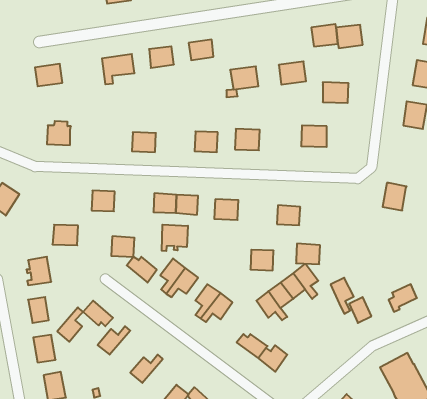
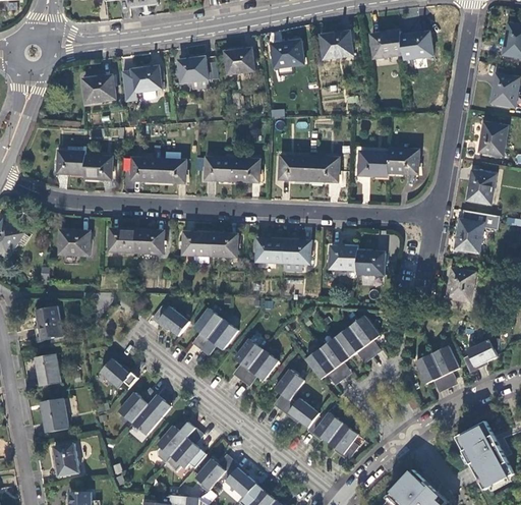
building: [279,61,306,85] -> [320,32,352,59]
building: [35,64,62,86] -> [82,75,115,102]
building: [230,66,258,90] -> [271,41,304,68]
building: [323,82,349,103] -> [389,149,419,173]
building: none -> [84,156,112,179]
building: none -> [308,156,339,181]
building: none -> [207,157,233,181]
building: none -> [131,158,159,181]
building: none -> [467,170,496,204]
building: none -> [462,209,500,228]
building: [162,225,188,251] -> none
building: [52,225,78,245] -> [59,230,90,255]
building: none -> [447,269,475,300]
building: [111,236,135,257] -> [136,229,164,254]
building: [296,244,320,264] -> [356,249,385,274]
building: [250,250,274,270] -> [283,239,310,264]
building: [331,278,354,314] -> [431,346,459,389]
building: [57,307,83,342] -> [131,394,162,435]
building: none -> [274,369,303,408]
building: none -> [328,423,357,457]
building: none -> [170,428,199,468]

